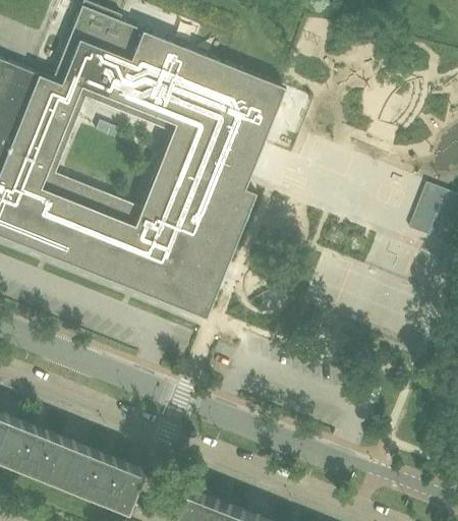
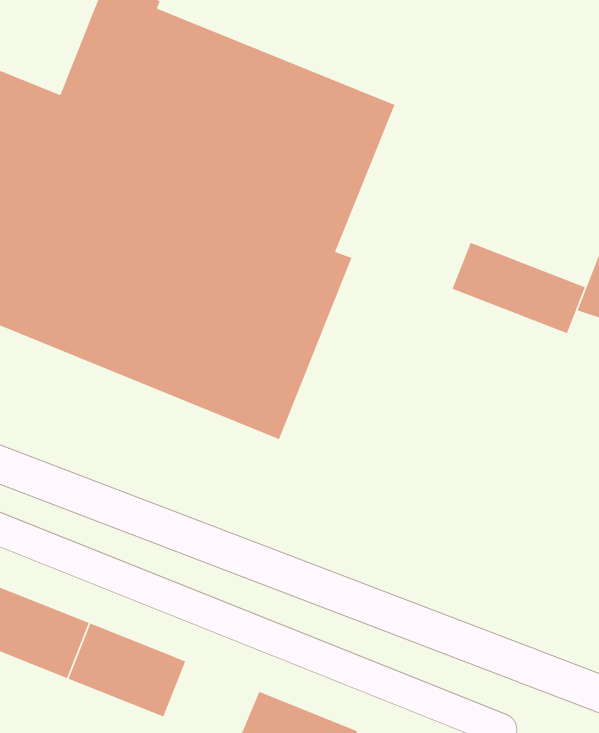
building: none -> [452,242,586,334]

